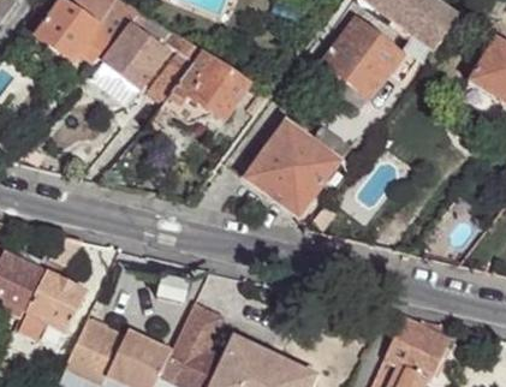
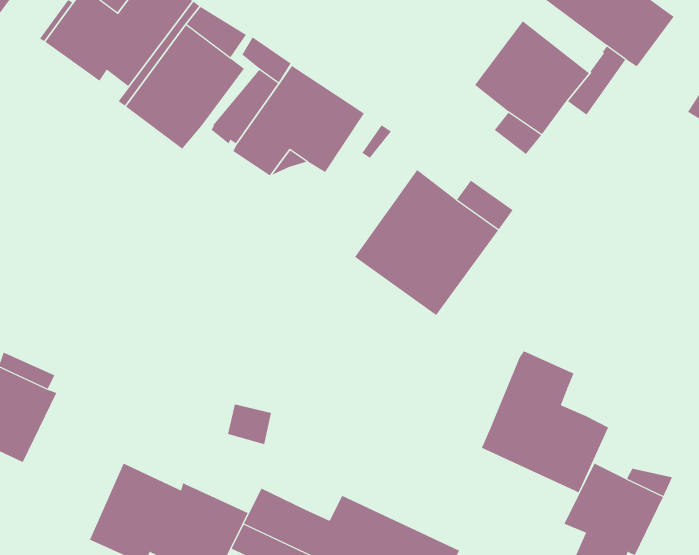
building: [26,234,87,332] -> none
building: none -> [481,350,609,493]
building: [180,300,225,347] -> none

